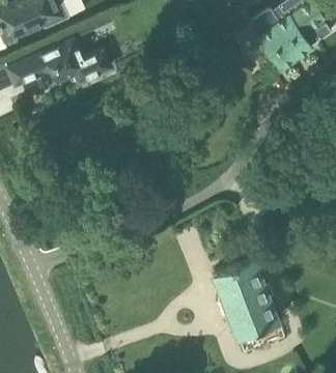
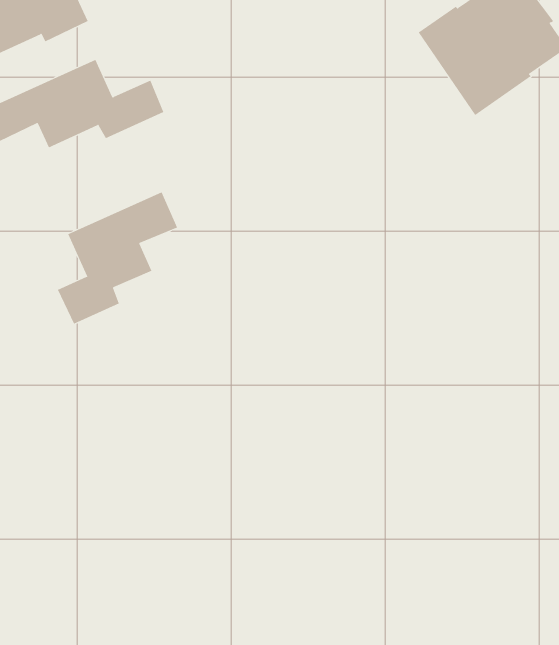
building: none -> [57,192,178,325]
building: [213,257,277,337] -> none

